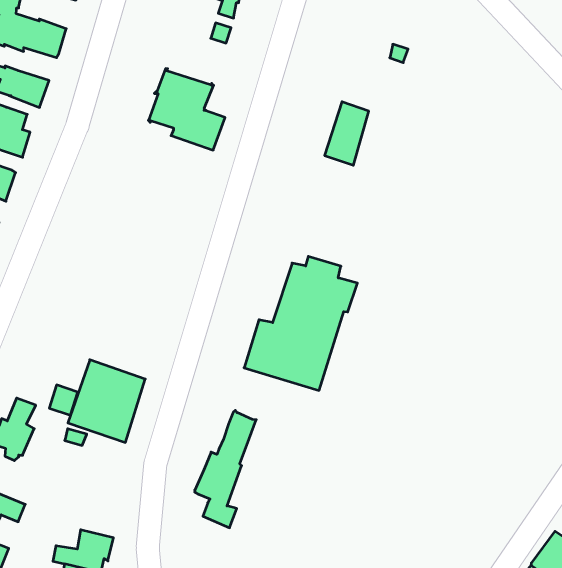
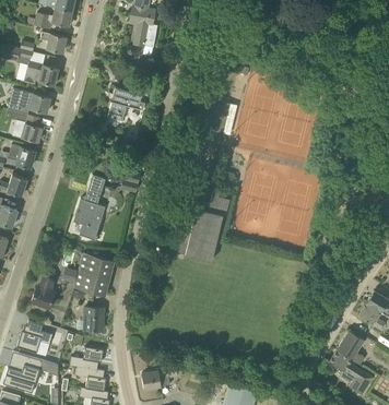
building: [195,410,256,528] -> [73,175,105,240]
building: none -> [83,308,104,332]

